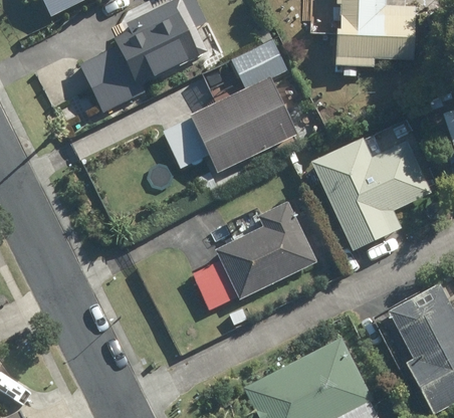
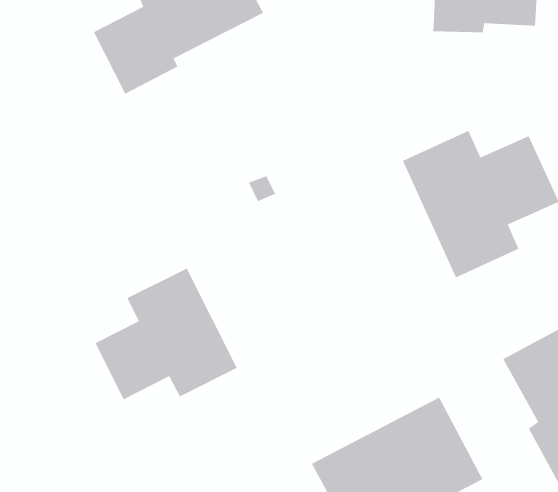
building: [160,45,294,172] -> none
building: [192,201,315,308] -> none
building: none -> [94,267,238,400]

